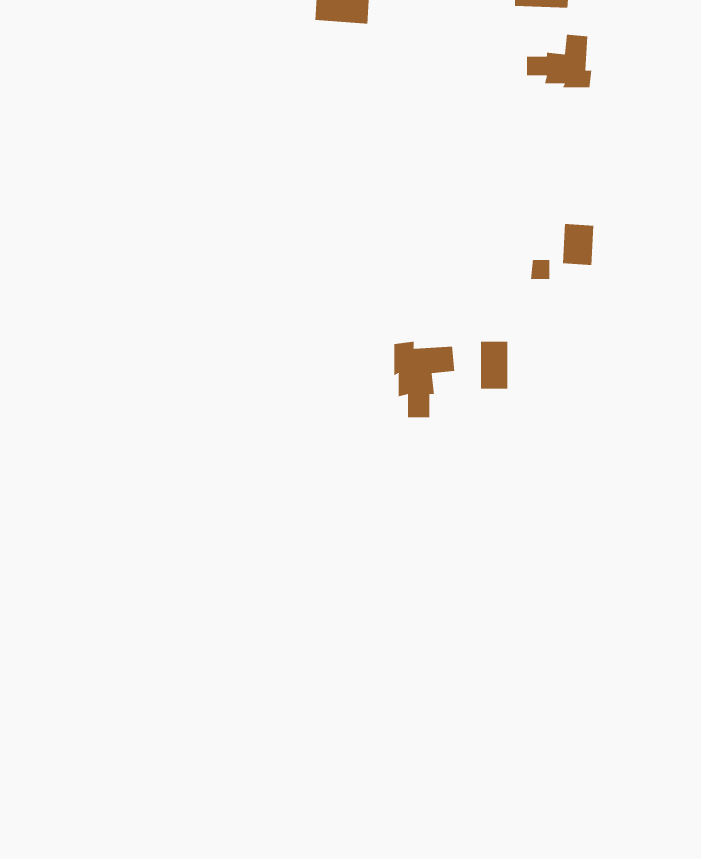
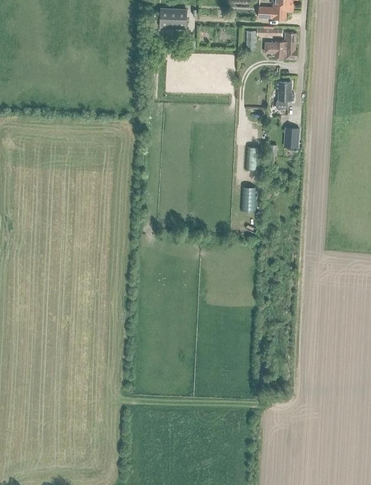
building: none -> [275,81,293,110]
building: [394,341,455,418] -> none

